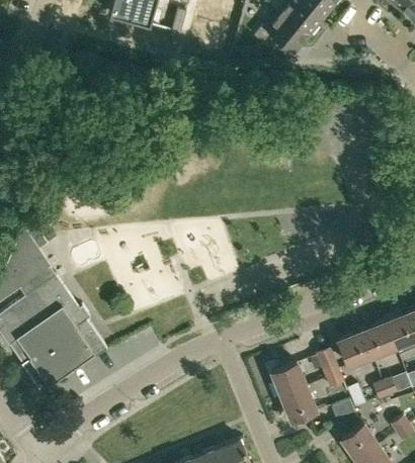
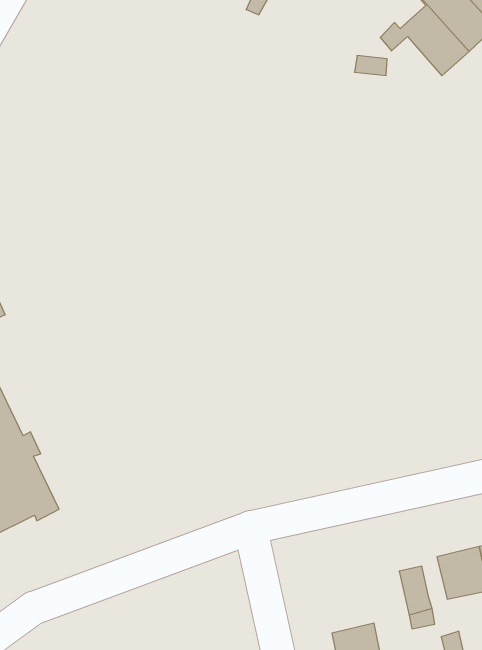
building: [271,363,306,397] -> none

